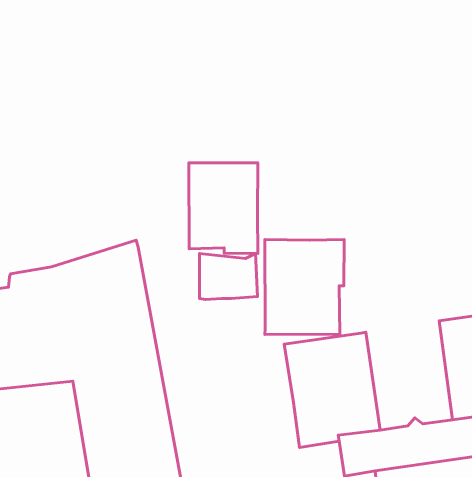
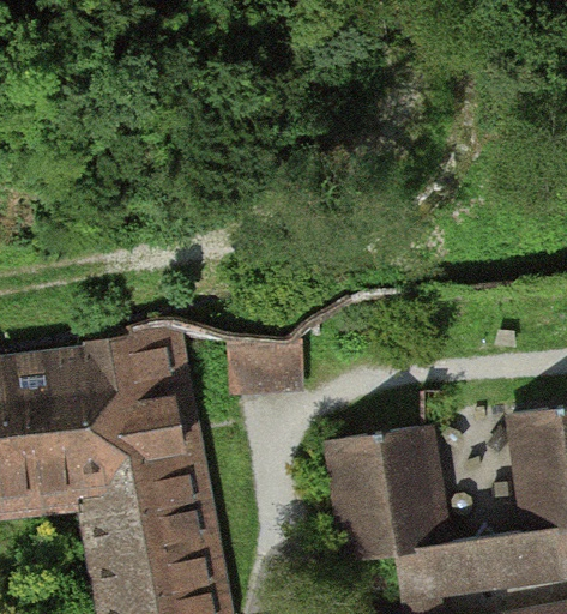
building: [189,163,258,253] -> none
building: [265,240,344,335] -> none

